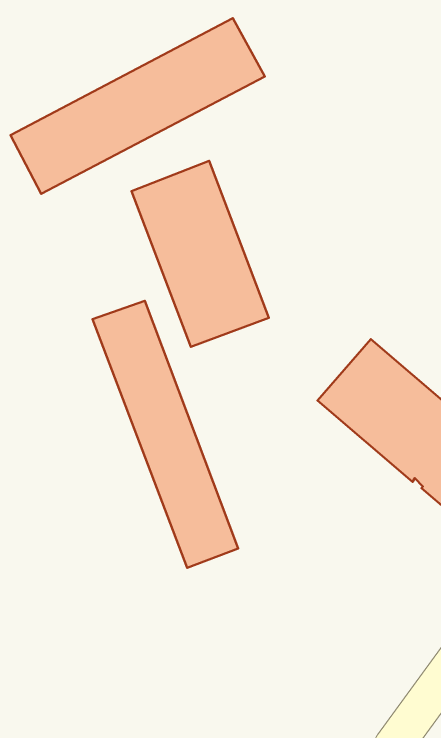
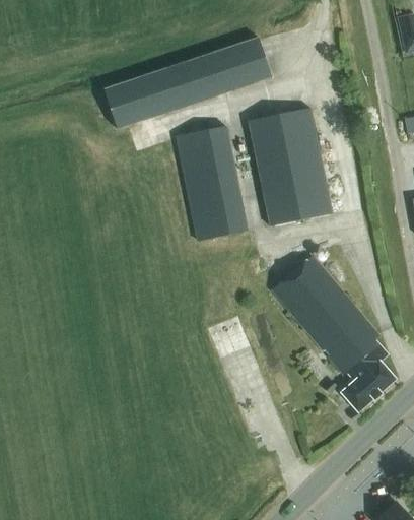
building: none -> [248,108,334,226]
building: [93,301,238,568] -> none

